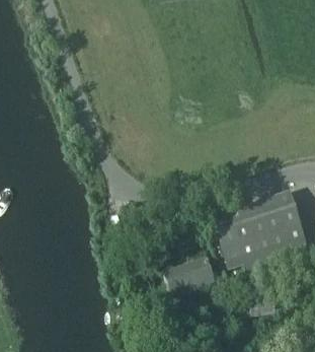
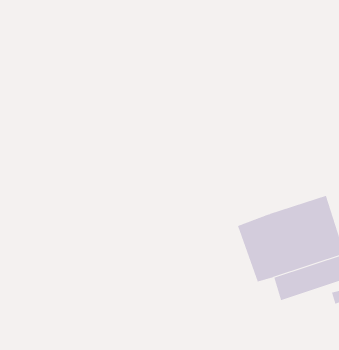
building: [161,255,212,297] -> none

